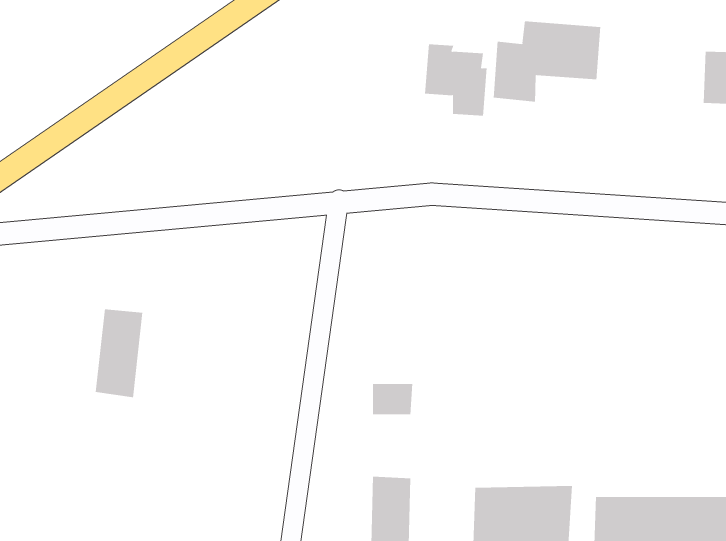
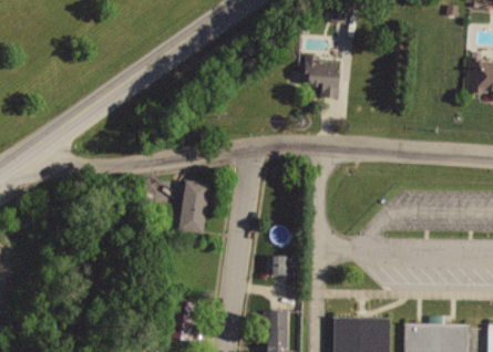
building: [493,21,601,103] -> none
building: [95,309,143,398] -> [183,182,212,235]
building: none -> [181,302,199,341]

